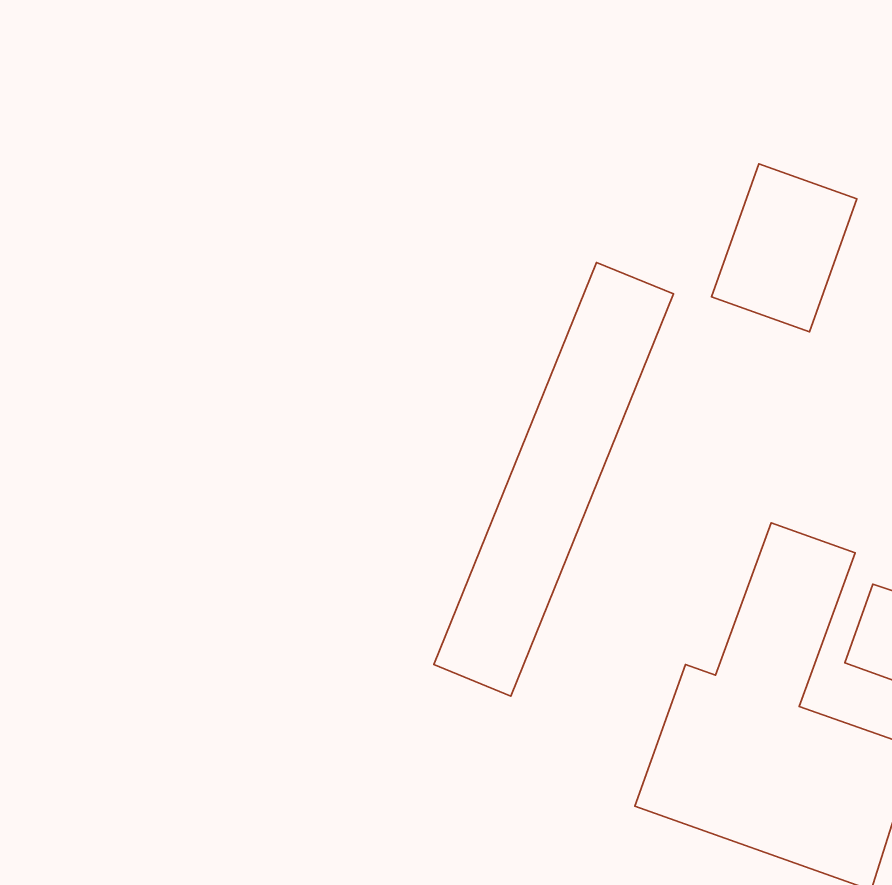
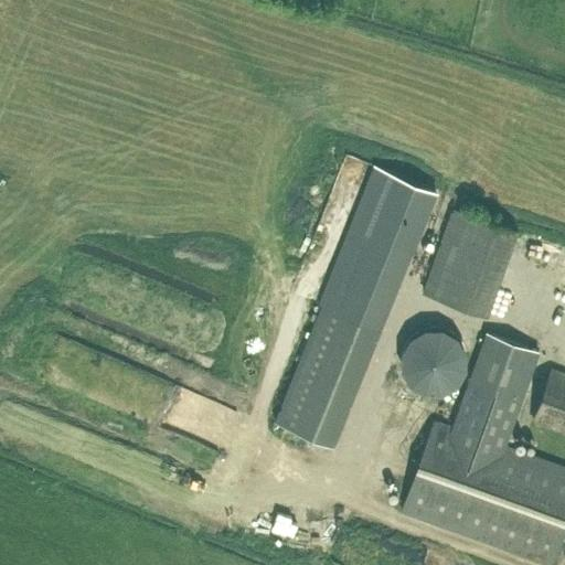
building: [712,164,857,332] -> [425,213,516,319]
building: none -> [403,331,468,395]

